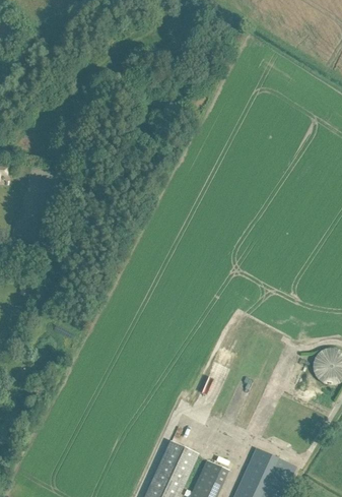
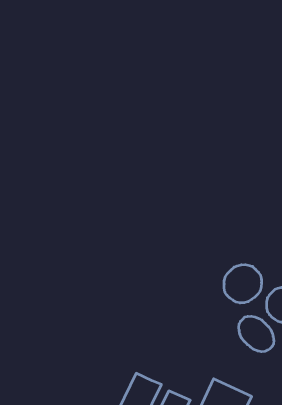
building: none -> [224,265,261,303]
building: none -> [239,316,274,352]

